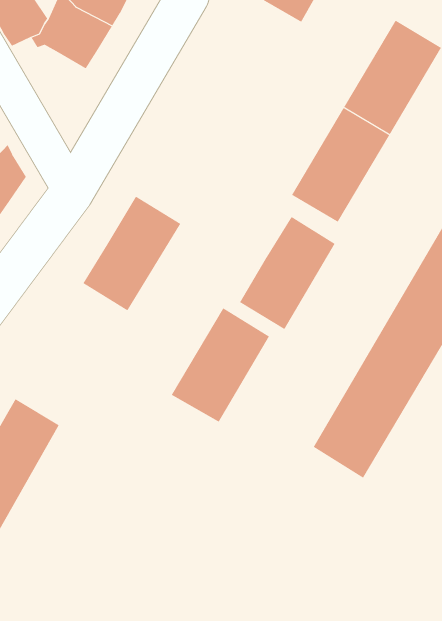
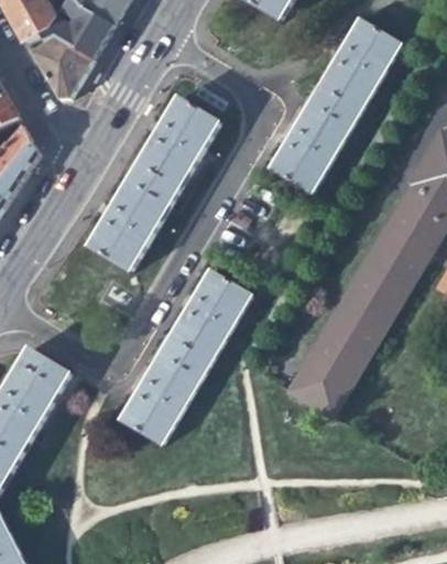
building: none -> [31,40,91,98]
building: [239,216,335,330] -> [134,96,218,195]
building: none -> [120,344,207,445]

